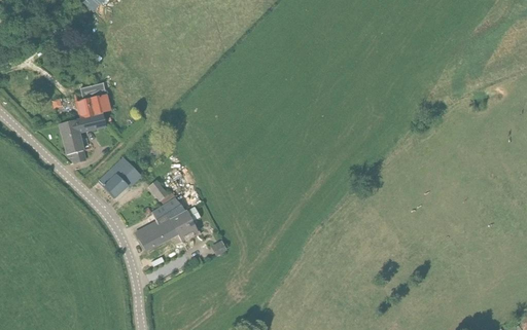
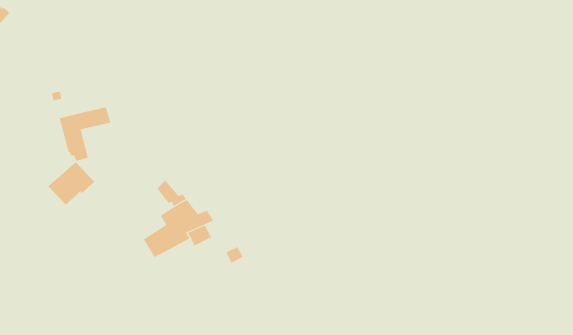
building: [75,84,110,119] -> none
building: [98,158,141,198] -> [48,161,95,206]

